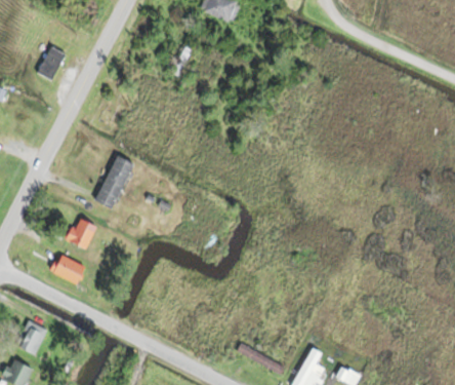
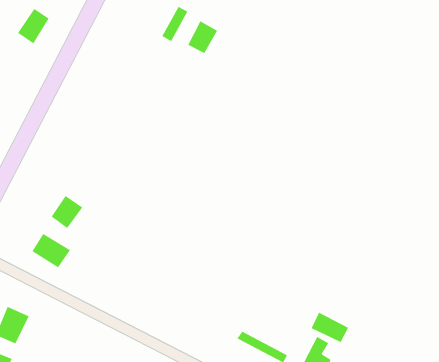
building: none -> [187,21,218,54]
building: [95,155,134,208] -> none
building: none -> [311,312,349,343]

